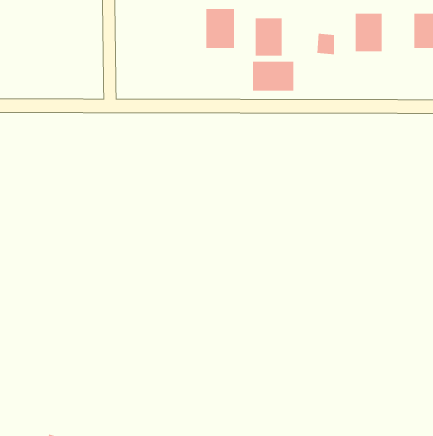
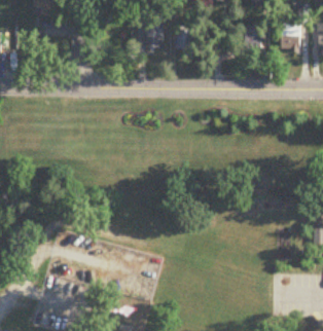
building: [252,61,294,91] -> none

